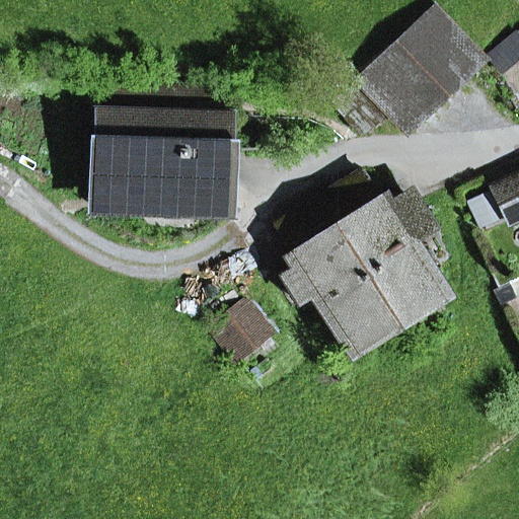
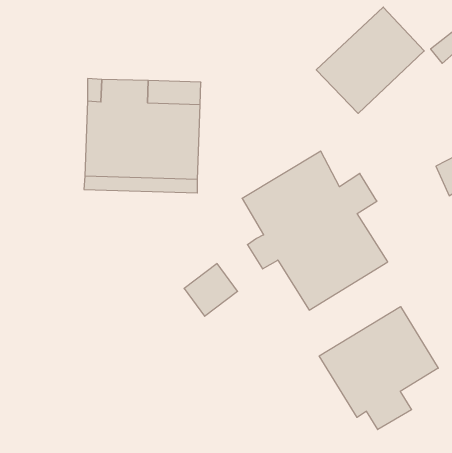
building: none -> [319,307,438,430]

